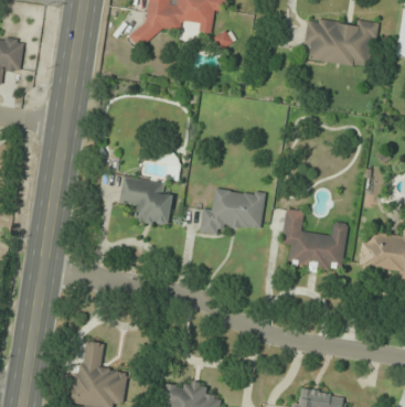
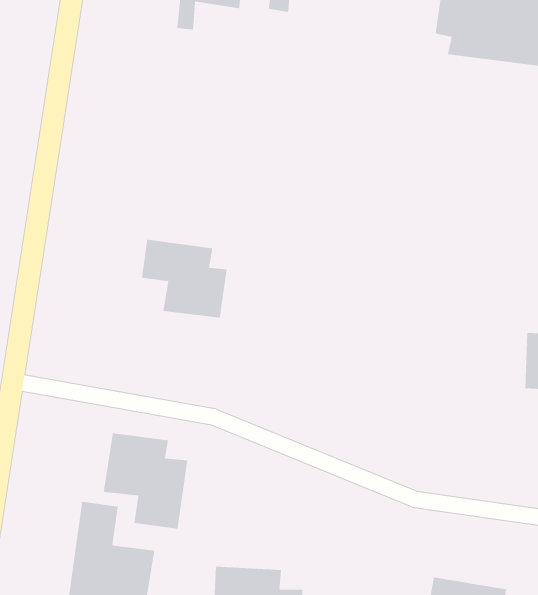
building: [199,185,265,235] -> none
building: [280,207,347,270] -> none
building: none -> [103,432,188,530]

